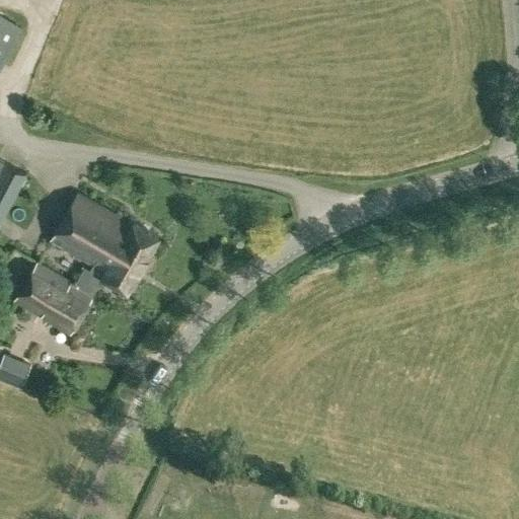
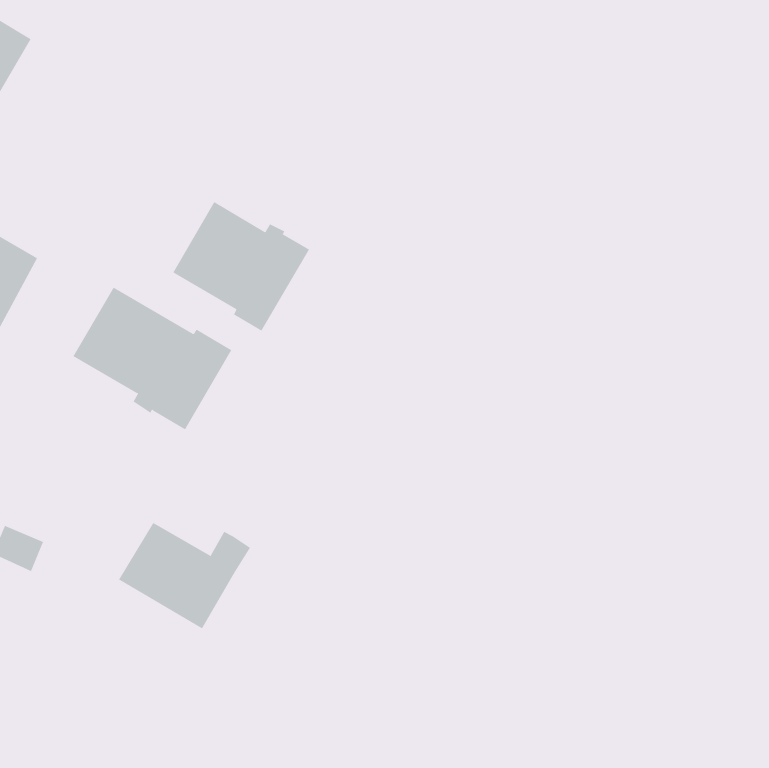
building: none -> [172,201,310,332]
building: [12,263,101,335] -> [118,522,251,629]

